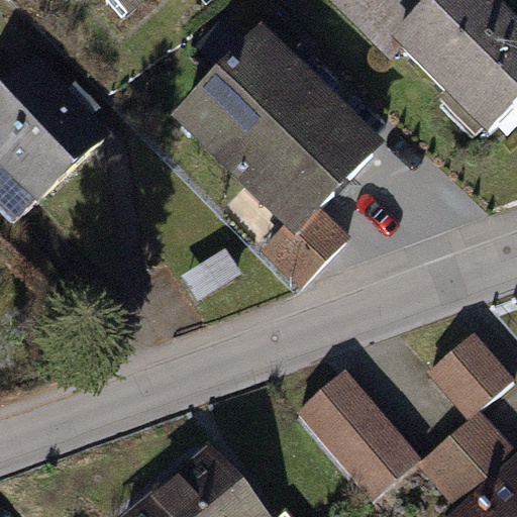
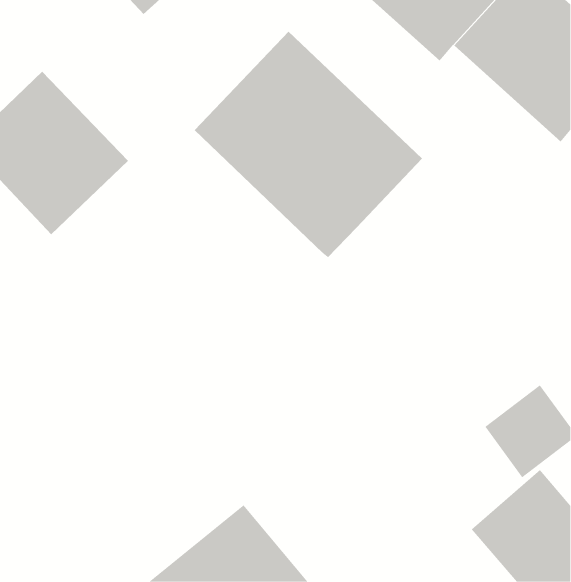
building: [262,202,347,284] -> none
building: [301,377,419,500] -> none

